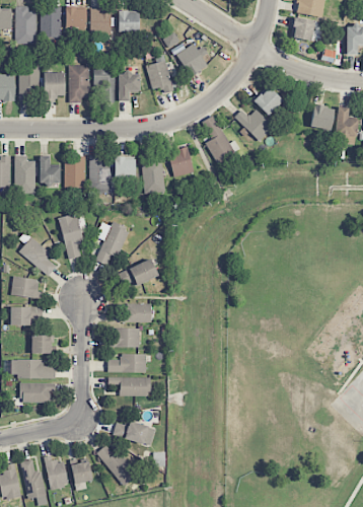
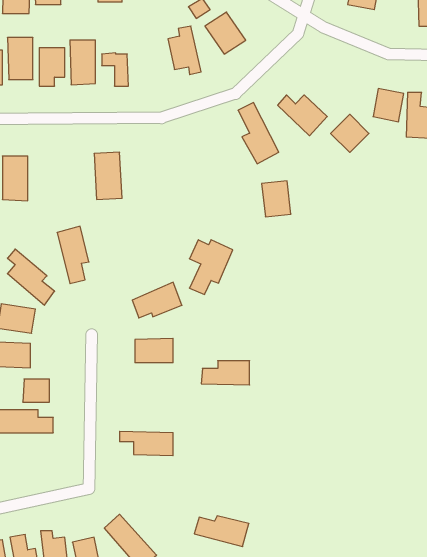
building: [119,73,140,101] -> none
building: [253,86,284,117] -> [331,114,369,152]
building: [169,148,193,176] -> [262,181,291,217]
building: [40,156,61,183] -> none
building: [65,156,86,188] -> none
building: [143,156,164,193] -> none
building: [115,157,136,177] -> none
building: [95,222,130,266] -> [189,240,233,294]
building: [113,329,140,348] -> none
building: [107,354,146,373] -> [201,361,250,385]
building: [20,383,56,403] -> none
building: [113,422,156,446] -> [194,516,249,547]

